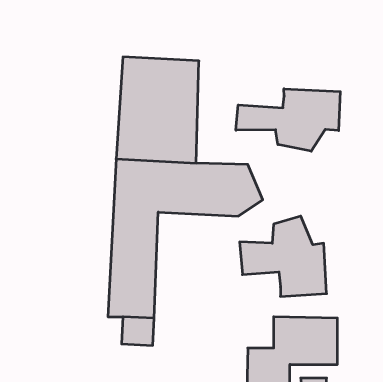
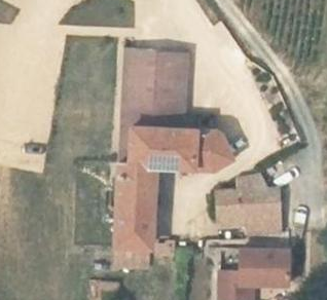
building: [236,89,340,151] -> none

